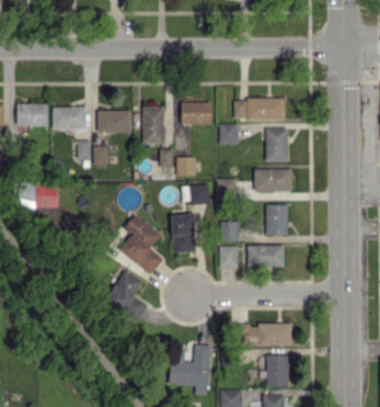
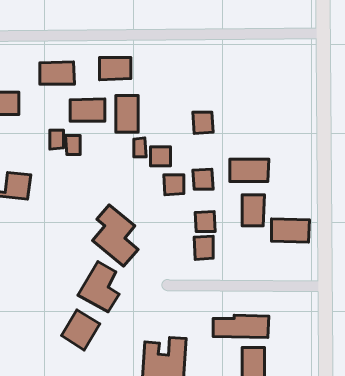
building: [234,98,284,120] -> none
building: [181,102,211,124] -> [100,57,131,80]
building: [53,106,87,128] -> [40,62,74,84]
building: [265,127,288,161] -> none
building: [172,214,195,252] -> none
building: [247,245,285,268] -> [271,219,309,242]
building: none -> [61,310,100,350]

